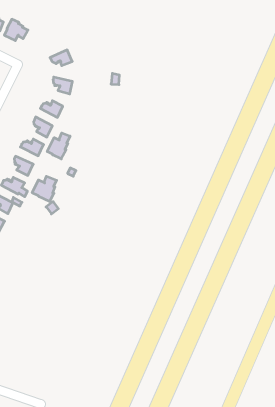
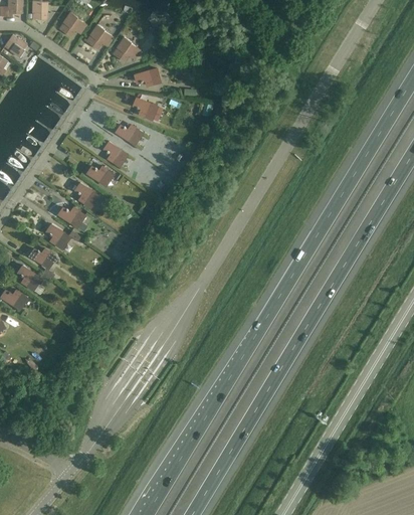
building: none -> [113,36,140,61]
building: [47,133,70,159] -> none
building: [32,176,57,201] -> none

